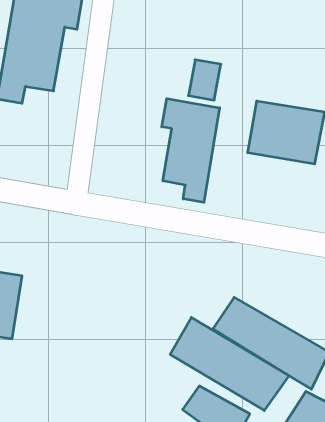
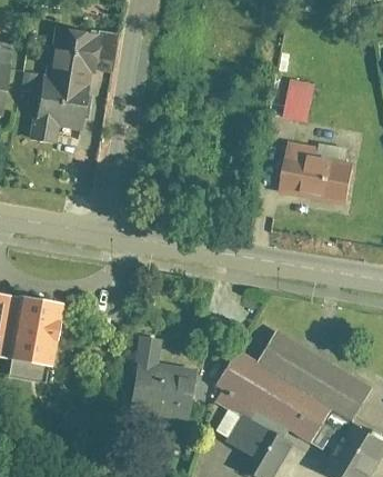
building: [188,60,221,100] -> [284,78,316,118]
building: [162,99,220,202] -> none
building: none -> [119,342,192,424]

